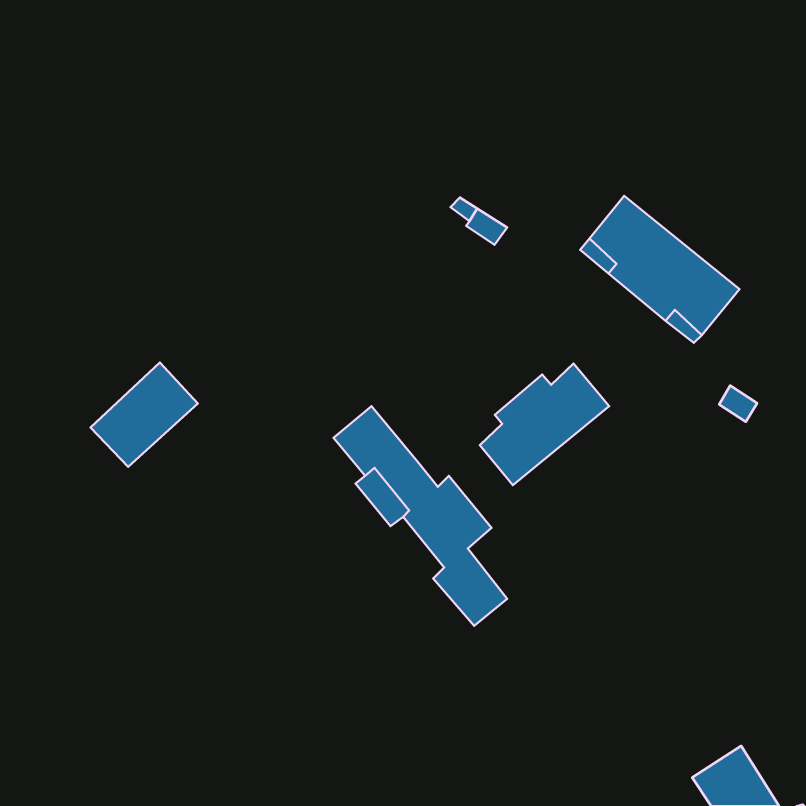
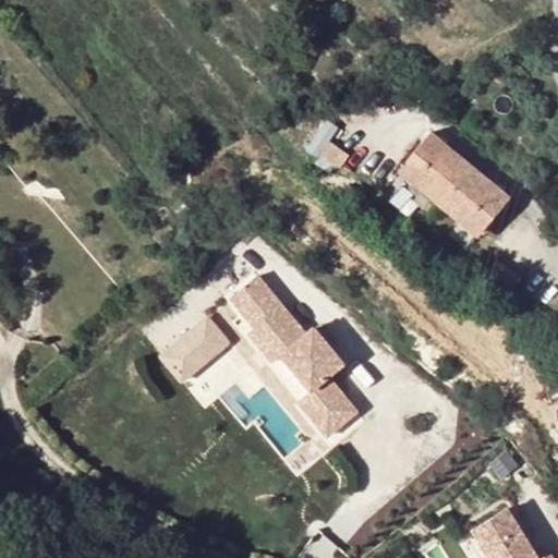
building: [90,363,198,467] -> [162,310,236,381]
building: [480,363,609,485] -> none

